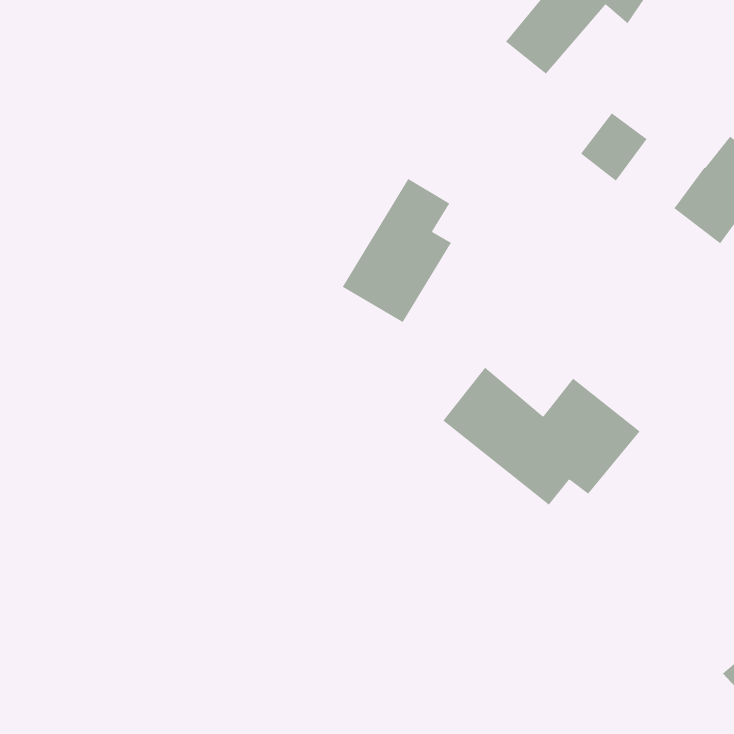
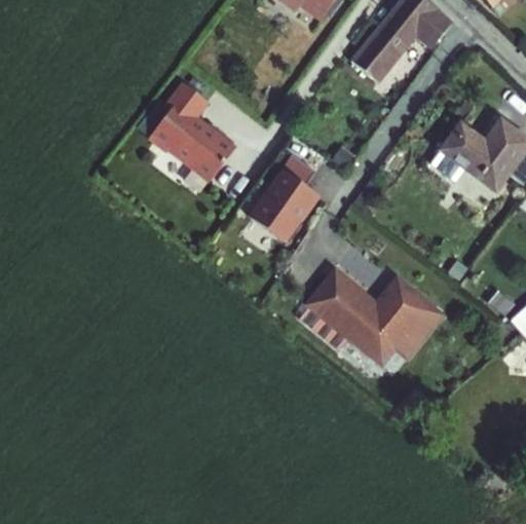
building: none -> [150,82,236,180]
building: [580,112,648,182] -> [439,124,483,170]

